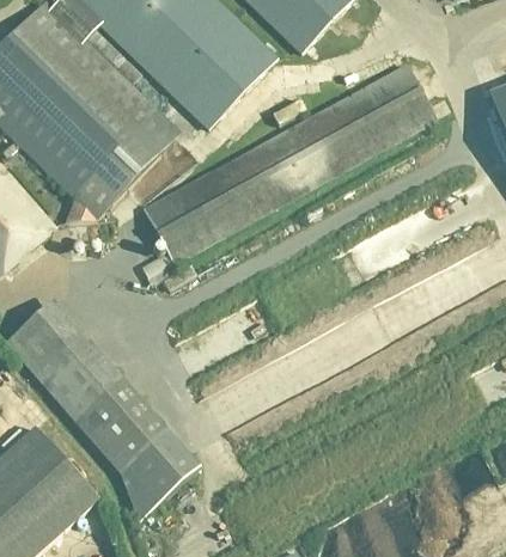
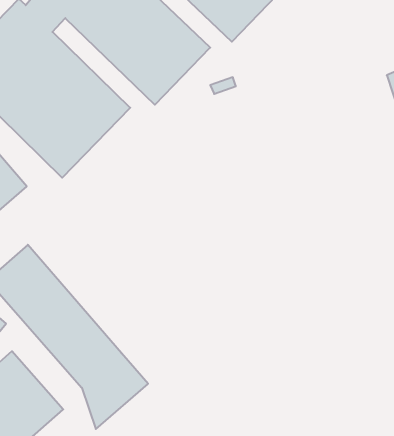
building: [142,65,434,263] -> none

